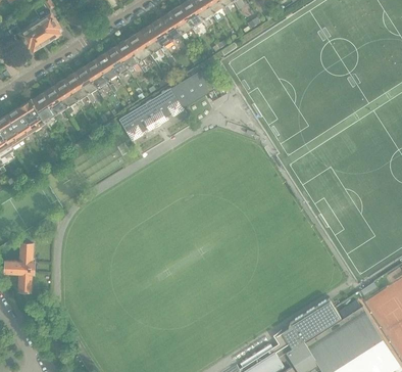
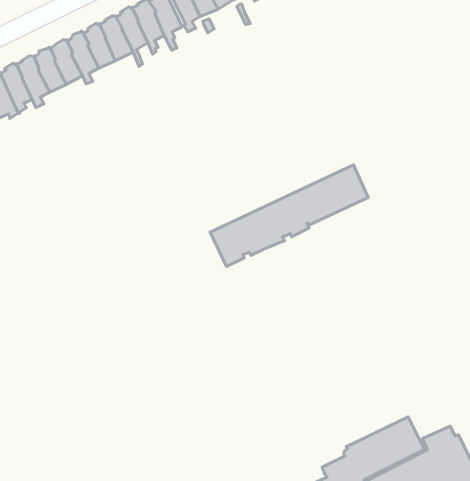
building: [118,64,220,141] -> [210,165,368,266]

